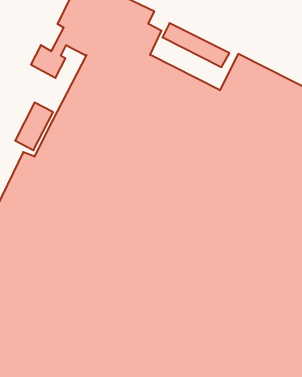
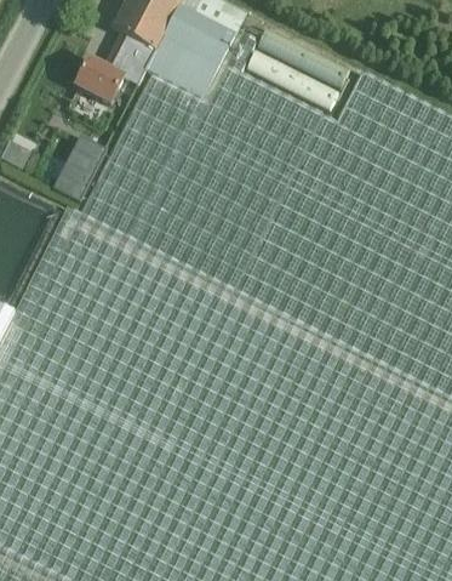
building: none -> [246,57,338,115]

